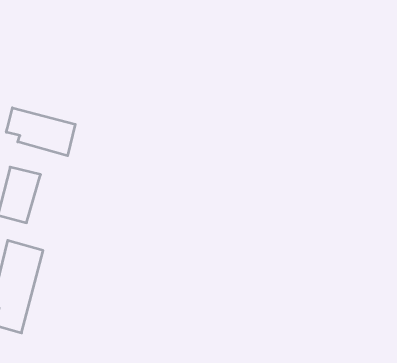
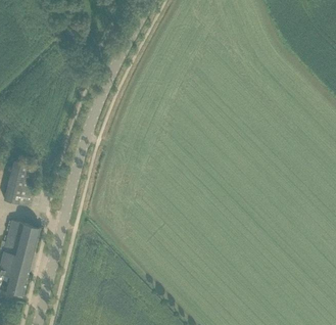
building: [6,108,75,156] -> none

